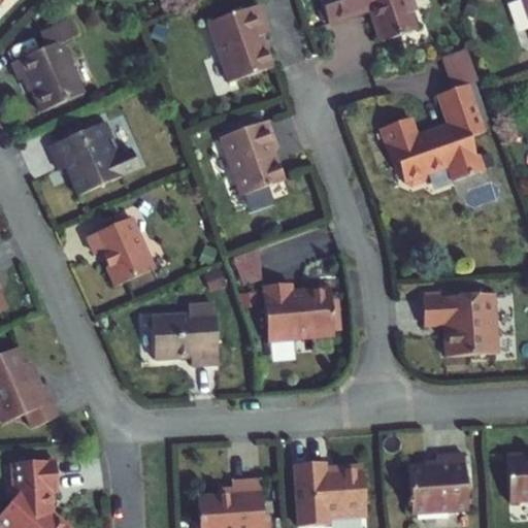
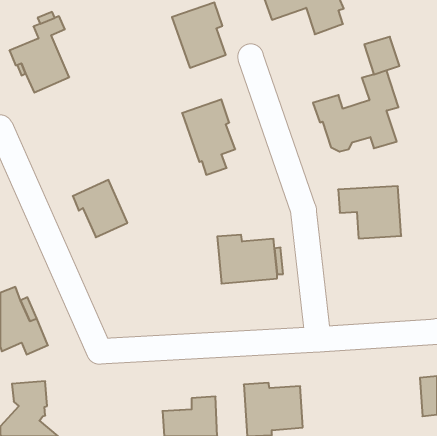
building: [47,122,138,194] -> none
building: [421,293,497,356] -> [338,186,401,238]
building: [152,303,218,364] -> none
building: [407,453,467,513] -> none

